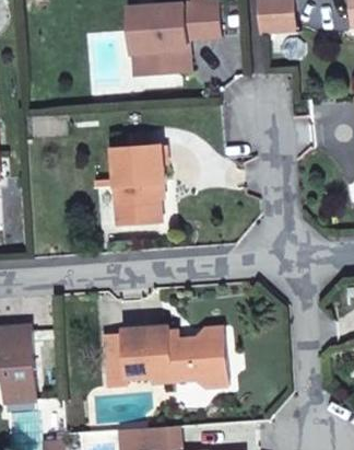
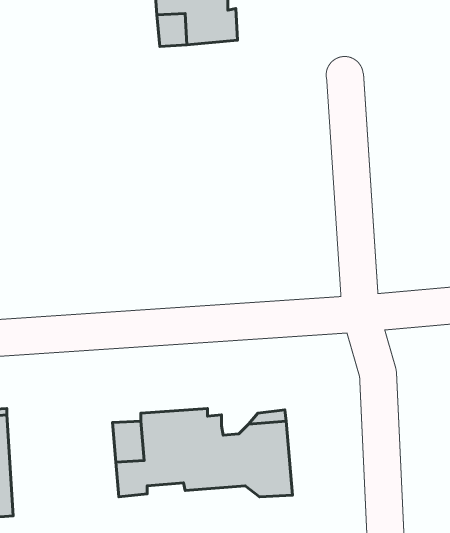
building: [111,145,163,224] -> none

